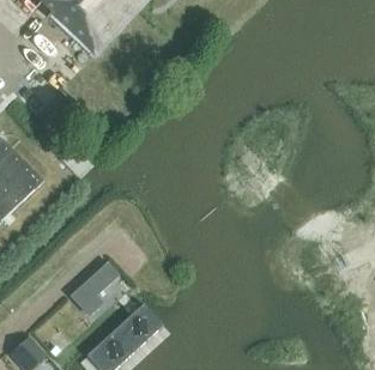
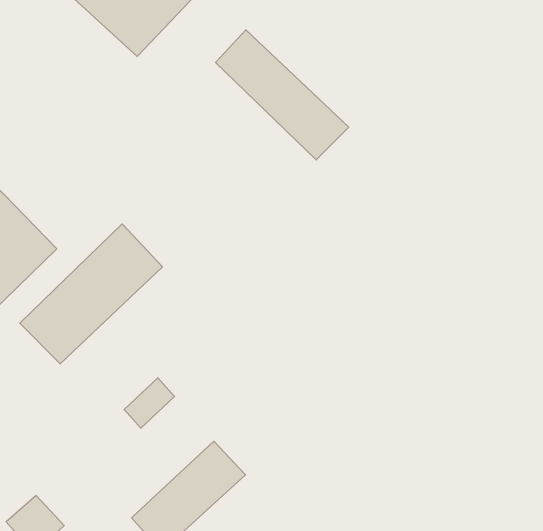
building: none -> [216,30,349,160]
building: none -> [20,224,162,364]

